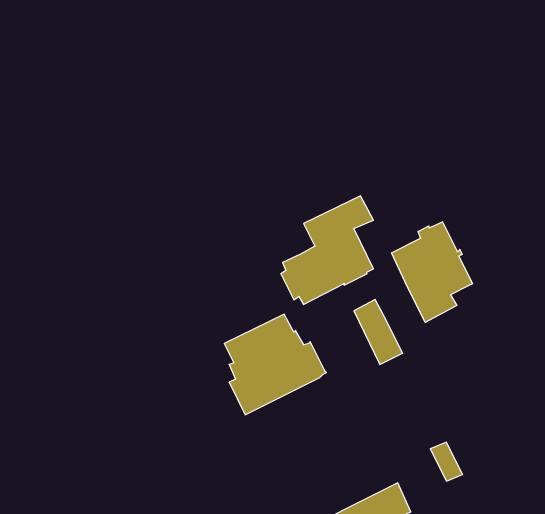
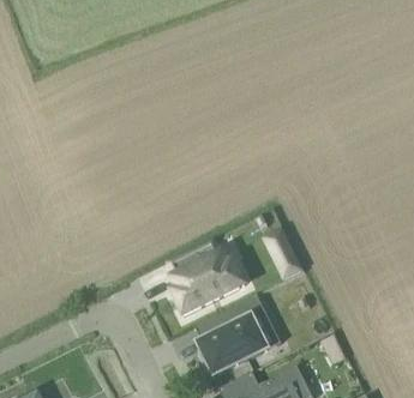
building: [281,196,373,305] -> [198,294,266,374]
building: [391,222,472,322] -> none

